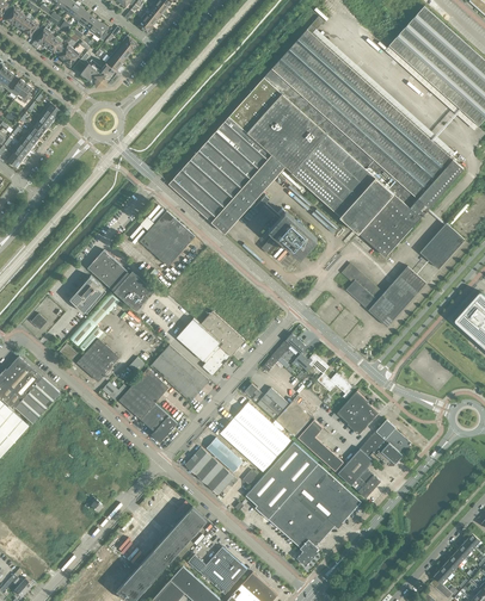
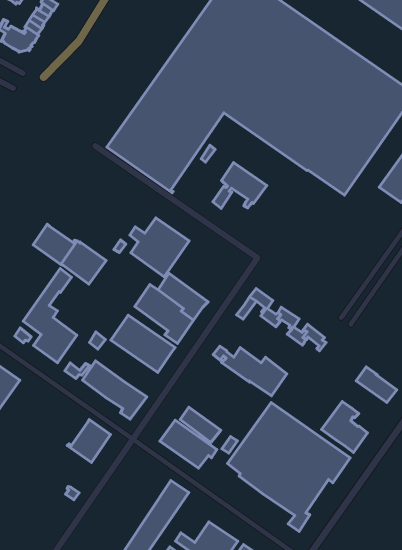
building: [139,211,195,267] -> [130,218,189,277]
building: [340,264,425,327] -> none
building: [69,277,106,315] -> none
building: [133,368,168,403] -> none
building: [337,391,377,435] -> none
building: [220,403,289,472] -> none
building: [297,420,343,471] -> none
building: [360,432,403,465] -> none
building: none -> [67,420,110,463]

